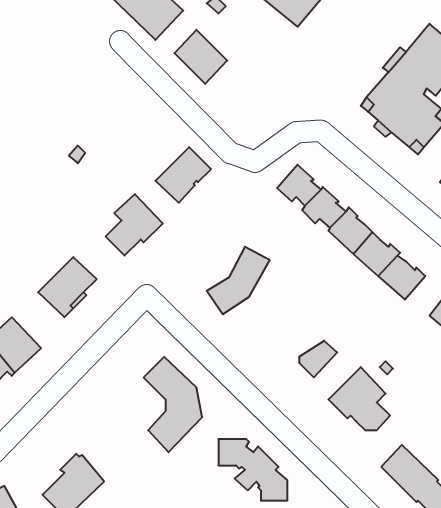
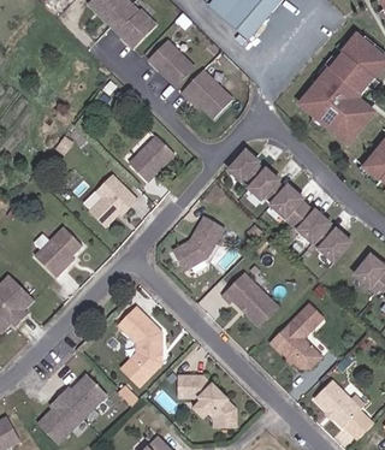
building: none -> [177,69,227,117]
building: none -> [224,272,268,308]
building: none -> [70,373,105,410]

